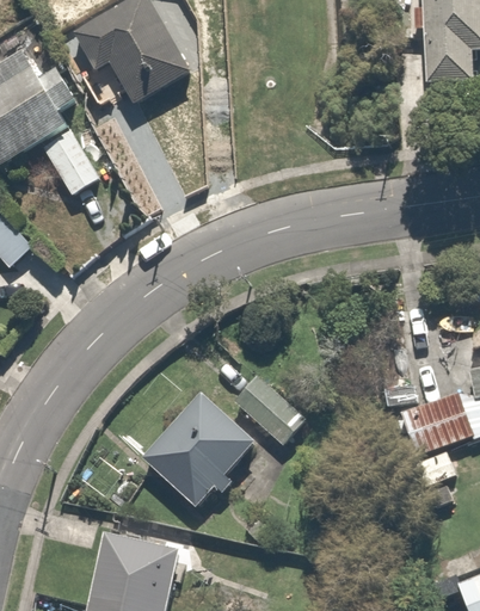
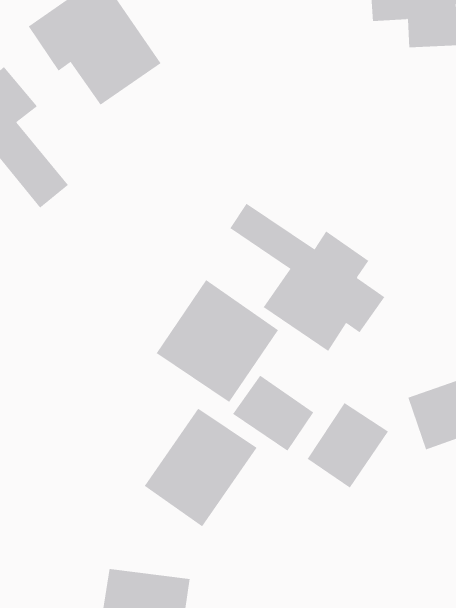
building: none -> [229,203,385,352]
building: none -> [156,279,279,403]
building: none -> [307,402,389,488]

